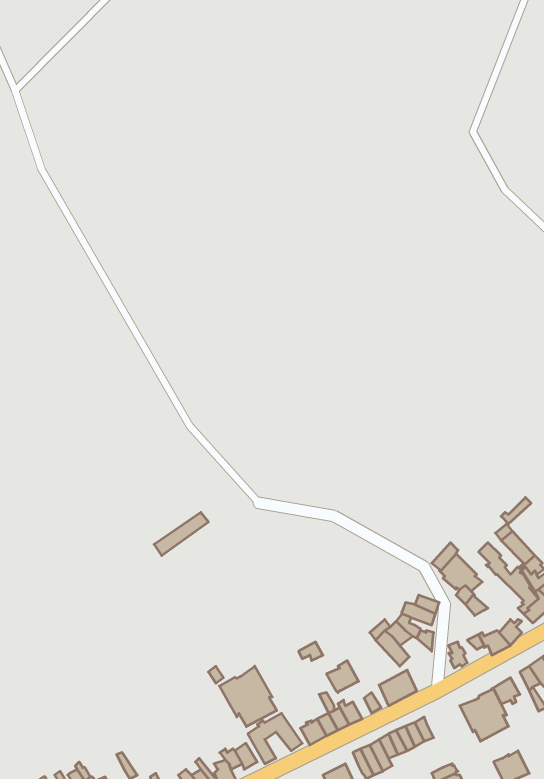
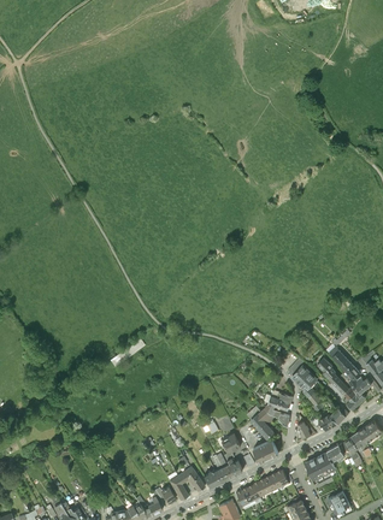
building: [219,666,277,727] -> none

